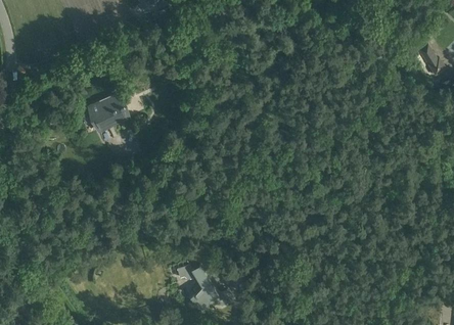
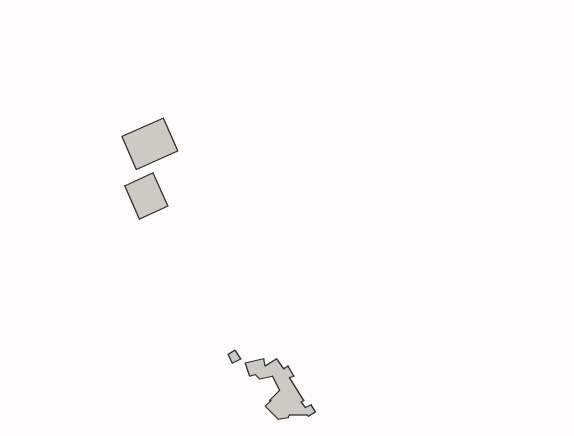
building: none -> [125,173,168,219]

